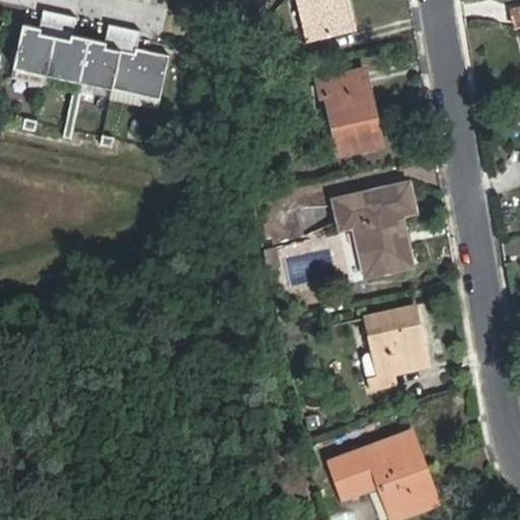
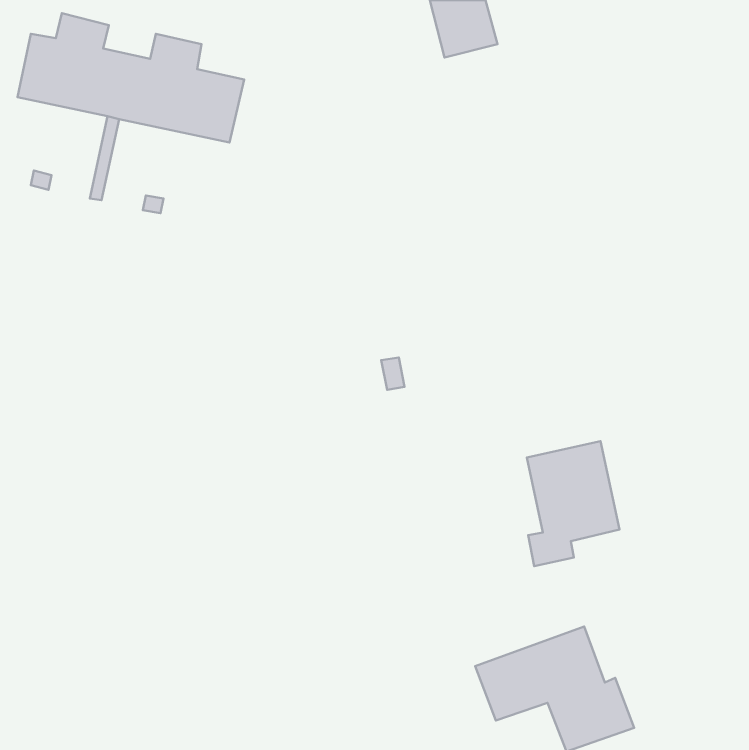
building: [316,68,382,155] -> none
building: [332,183,414,277] -> none

